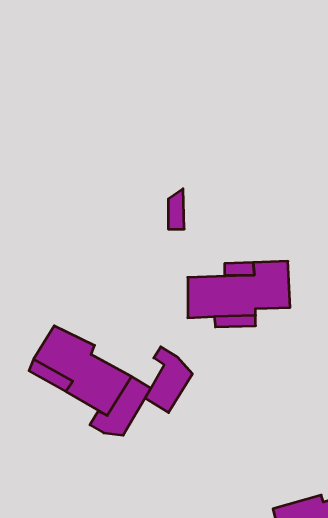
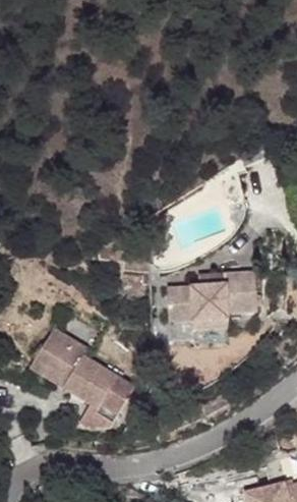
building: [145,347,192,413] -> none

